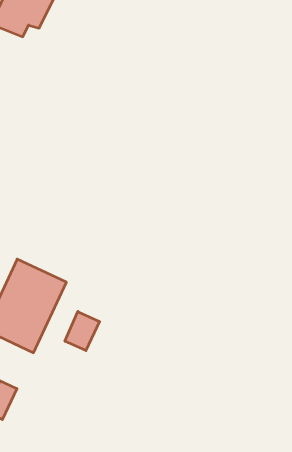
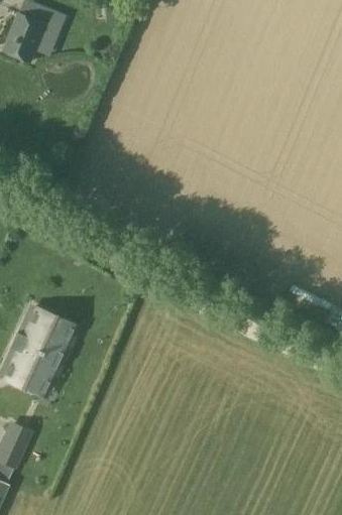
building: [65,311,100,351] -> none

